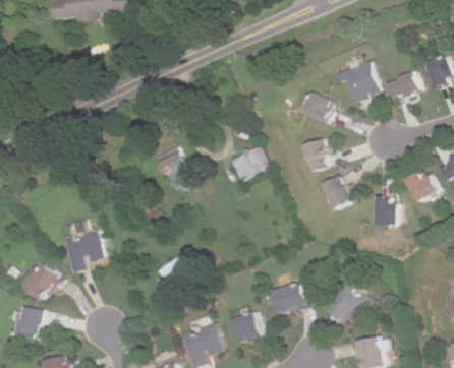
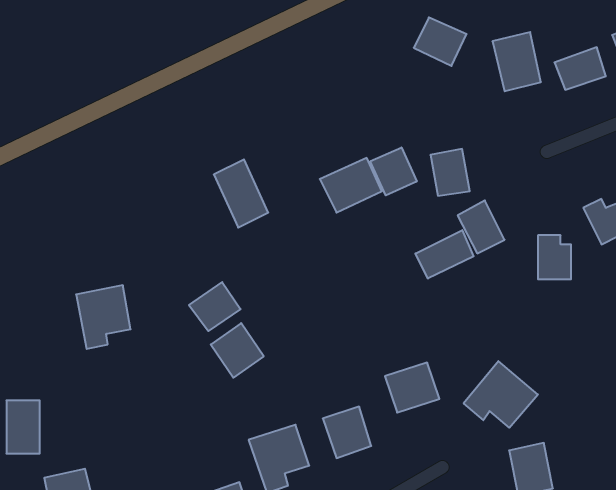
building: [300,90,336,123] -> [414,17,467,66]
building: none -> [370,147,417,195]
building: none -> [415,230,474,279]
building: none -> [189,282,241,331]
building: [21,261,60,301] -> none

